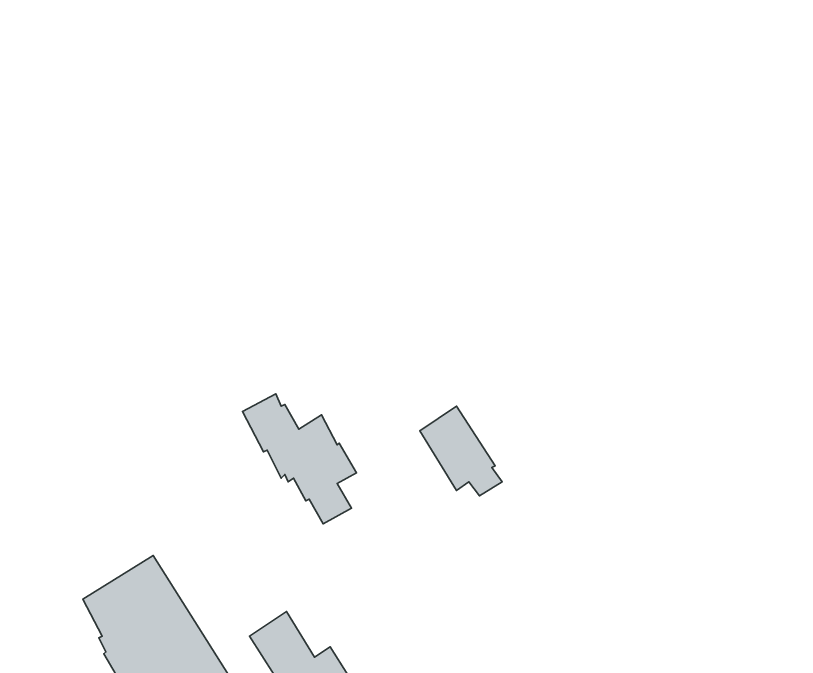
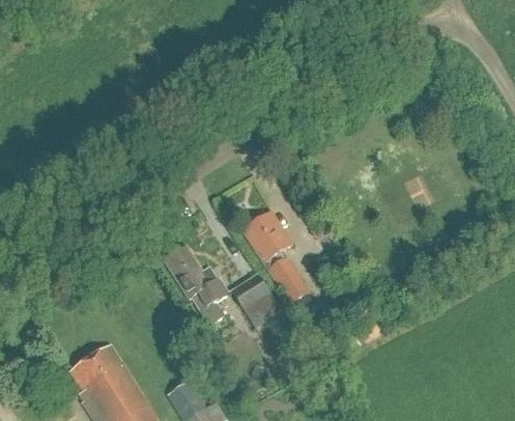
building: none -> [242,214,291,272]
building: none -> [231,273,281,327]

